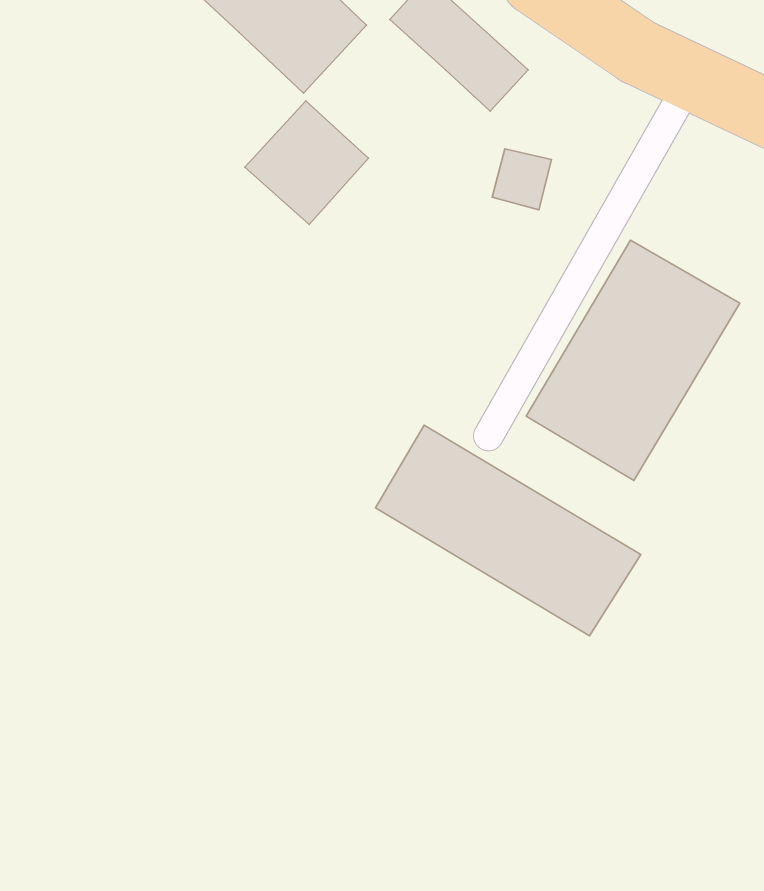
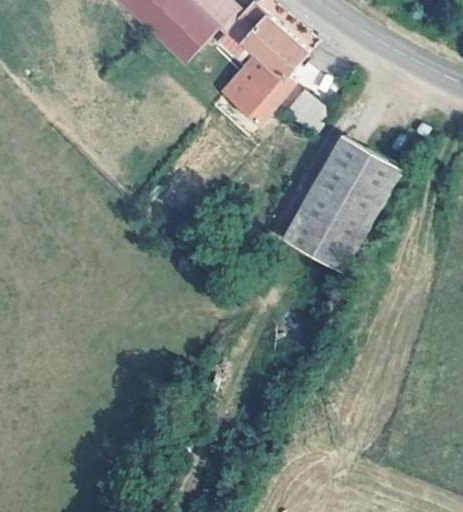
building: [245,101,369,224] -> [216,43,285,112]
building: [375,425,641,636] -> none

